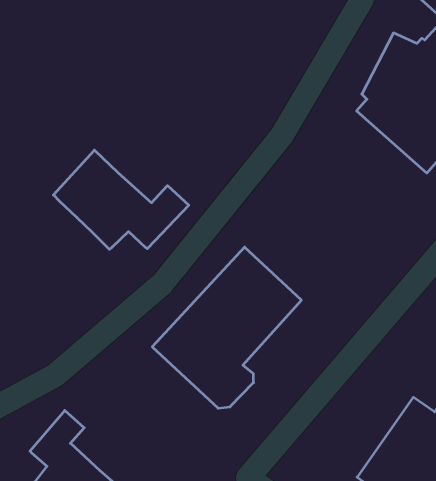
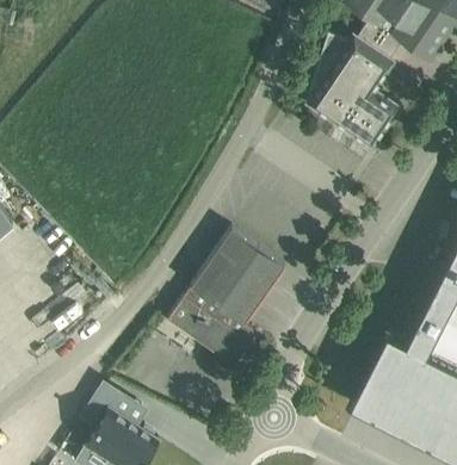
building: [53,150,189,249] -> none

